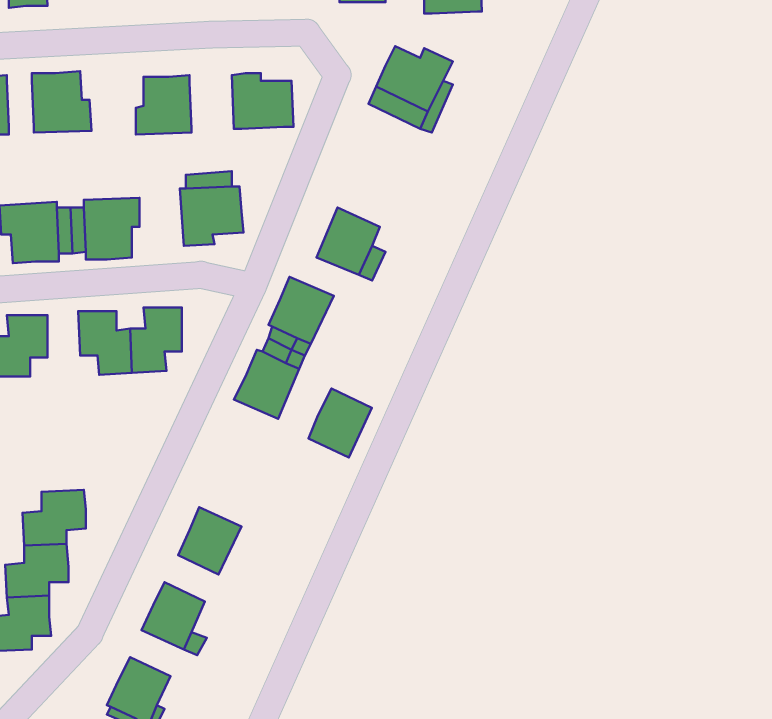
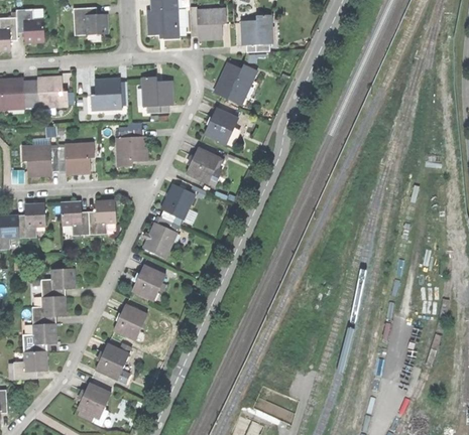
building: none -> [205,108,239,143]
building: [308,388,372,458] -> [132,264,165,300]
building: none -> [41,268,76,296]

